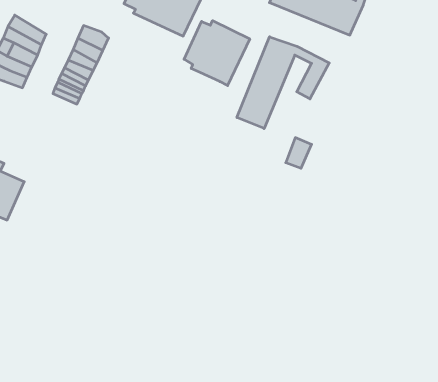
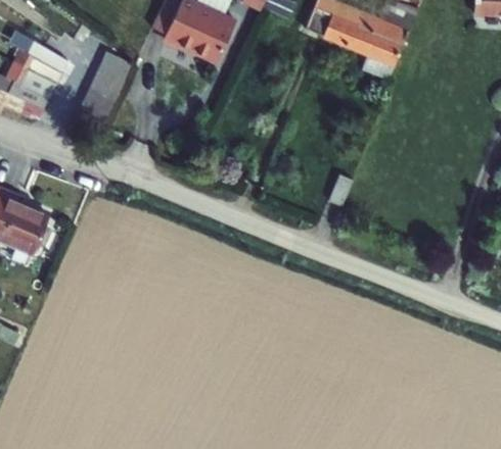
building: [184,21,250,86] -> none
building: [237,37,329,129] -> none

